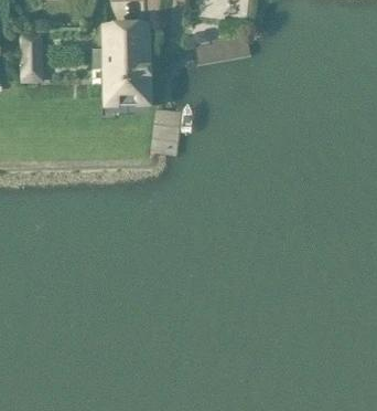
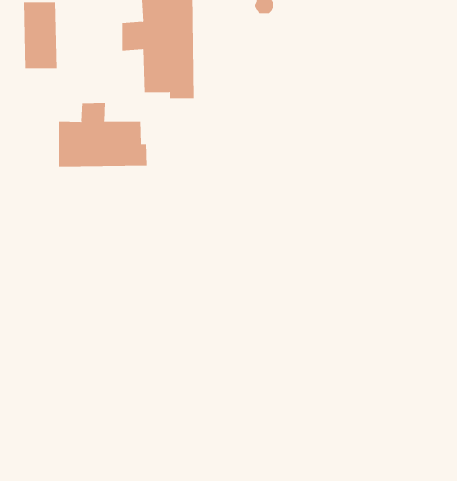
building: none -> [58,102,147,168]

